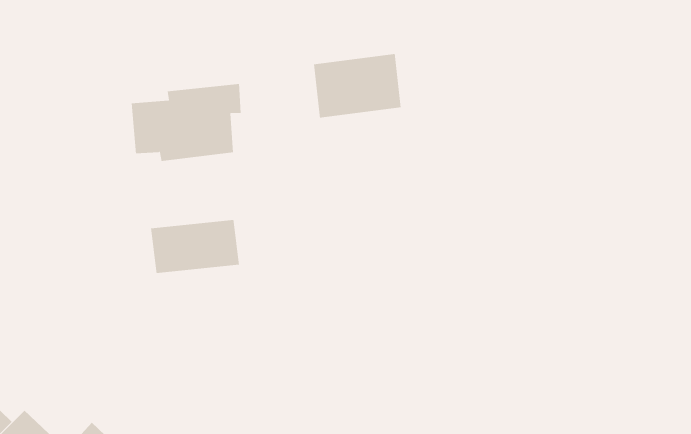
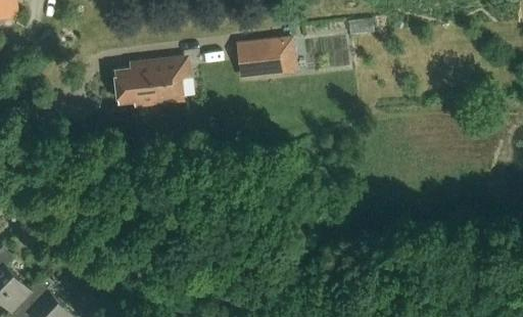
building: [150,219,240,274] -> none

